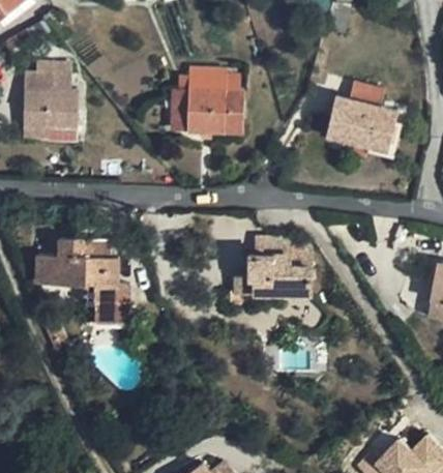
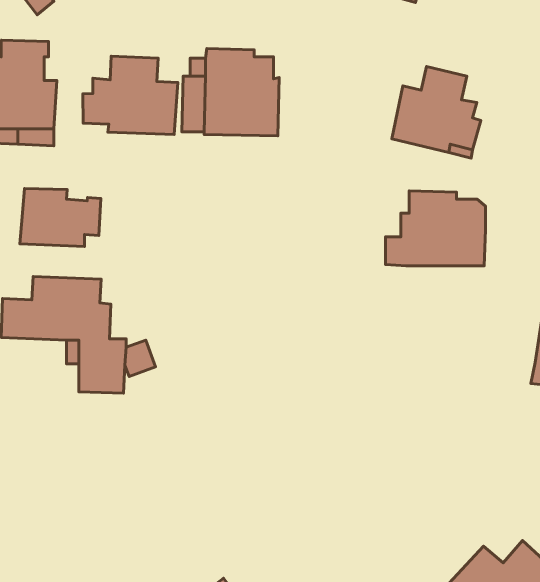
building: none -> [83,56,178,135]
building: none -> [20,189,101,246]
building: [242,238,317,294] -> [385,191,486,266]

